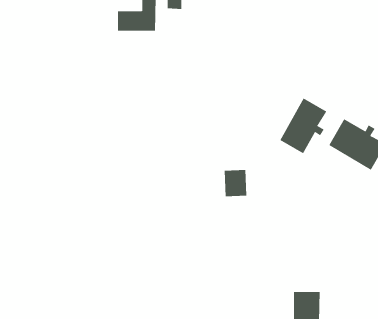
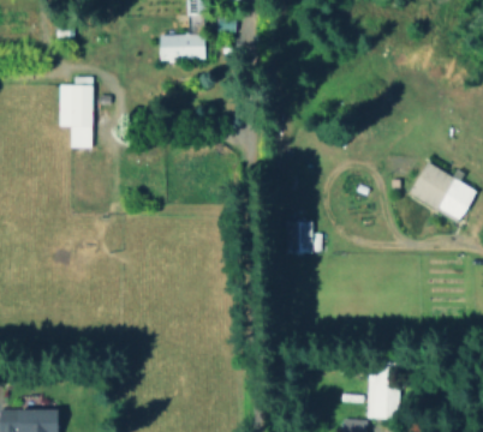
building: none -> [59,85,94,149]
building: [280,97,327,154] -> none

